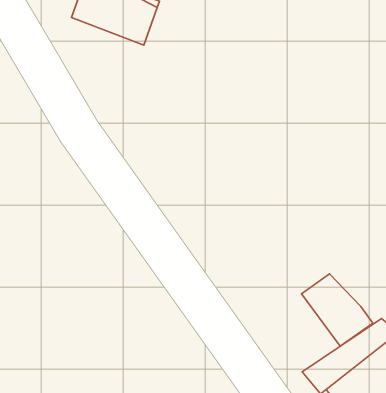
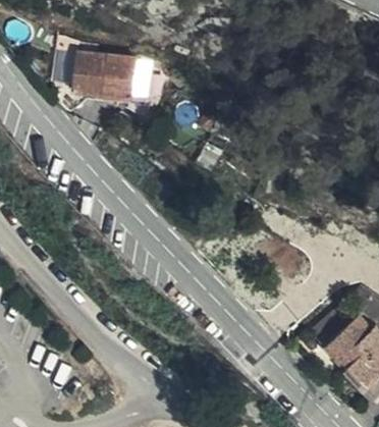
building: [301,274,373,346] -> none

